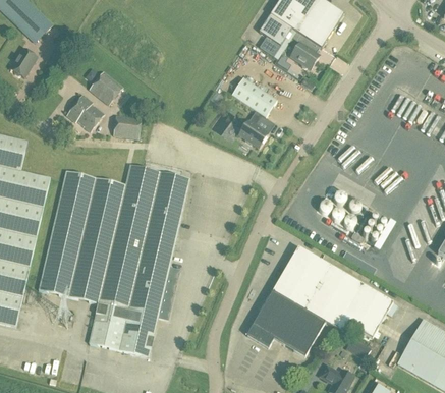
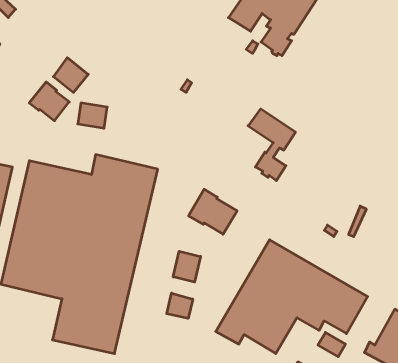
building: [231,77,277,147] -> [248,109,295,181]
building: none -> [189,189,237,234]
building: none -> [173,251,201,282]
building: none -> [167,293,193,318]

